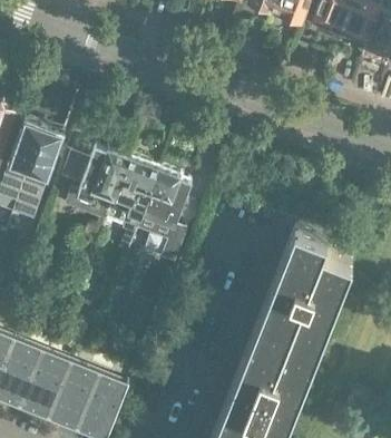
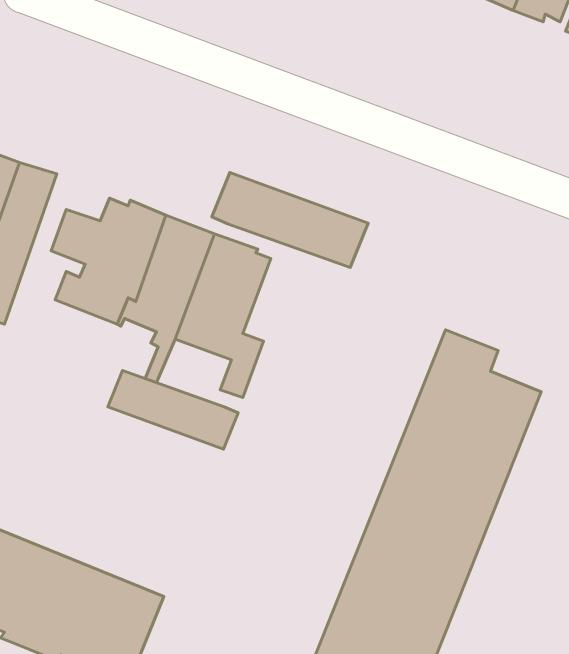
building: none -> [212,172,368,268]
building: none -> [108,371,238,449]

